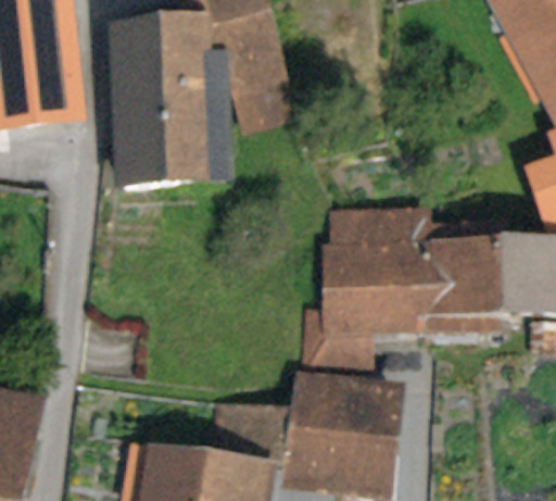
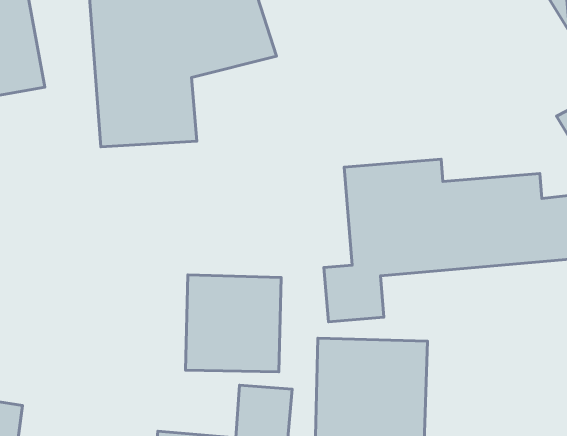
building: none -> [186,275,281,372]

